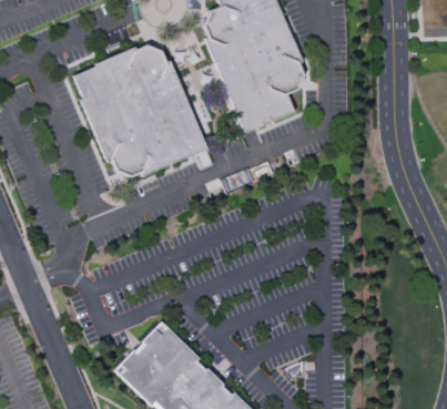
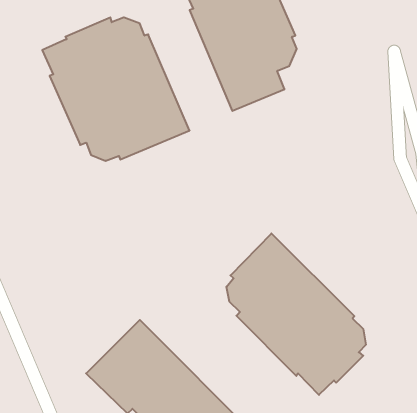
building: none -> [226,233,366,395]

